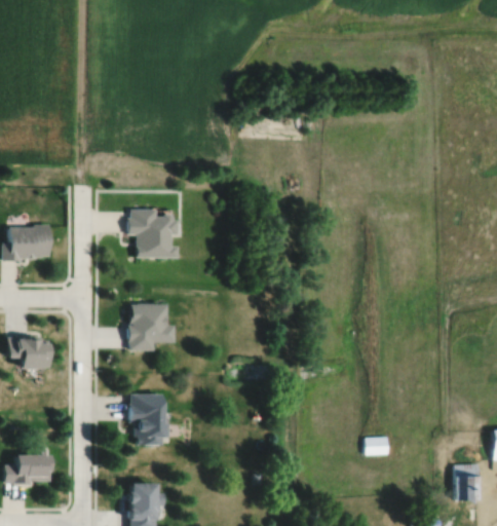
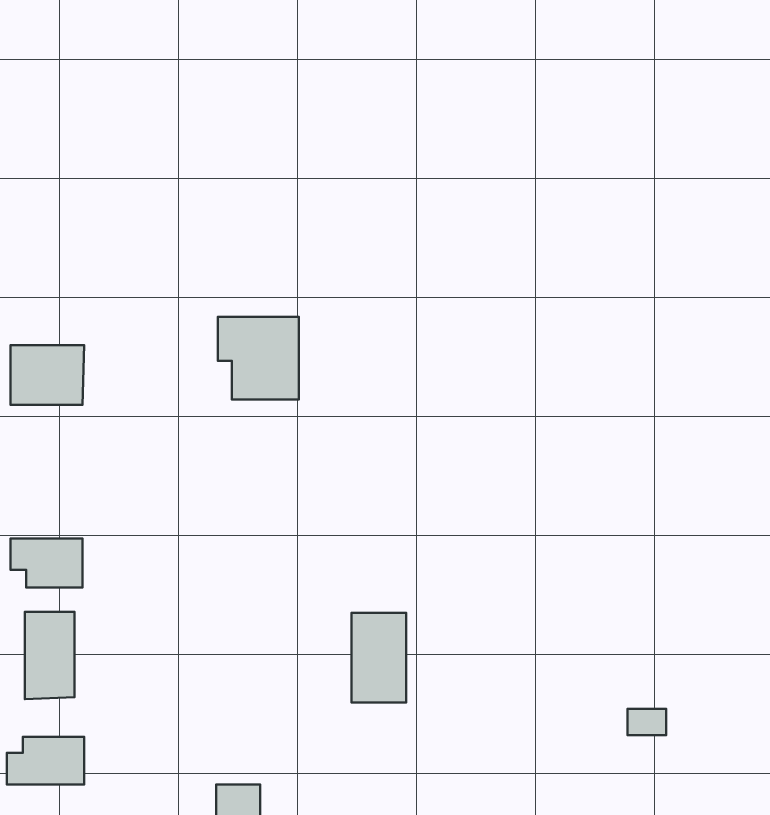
building: [128,304,173,351] -> none
building: none -> [25,612,74,699]
building: [131,393,163,446] -> [352,613,406,703]

